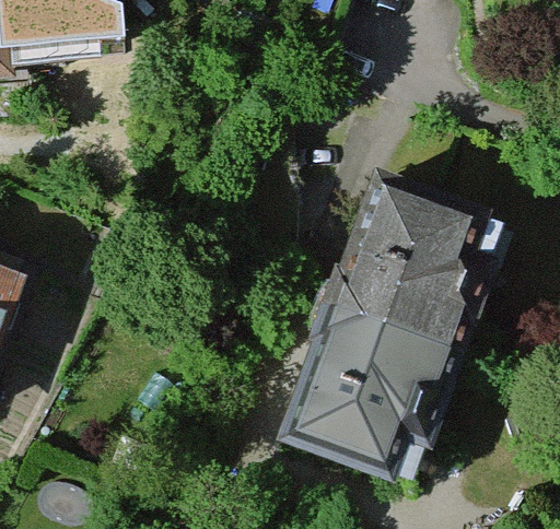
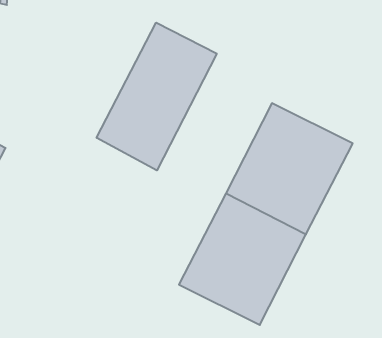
building: none -> [97,23,217,170]

